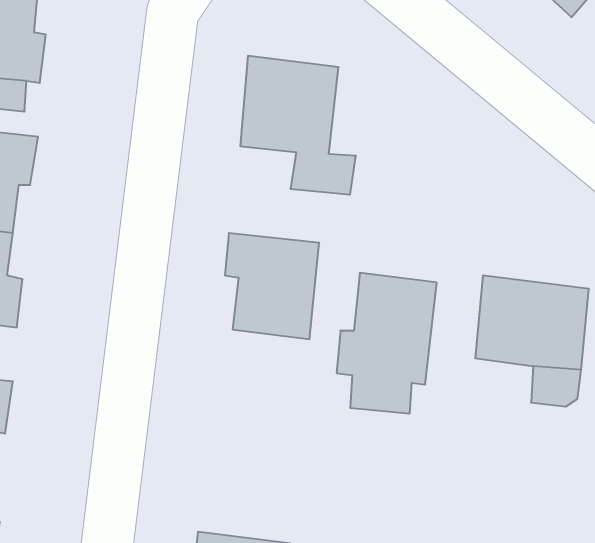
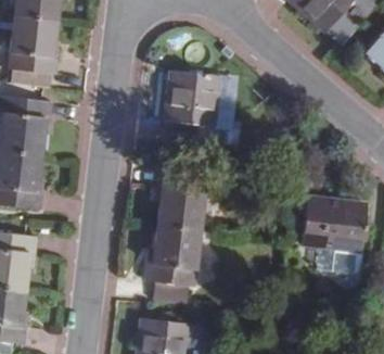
building: [337,273,437,414] -> [148,218,204,298]

